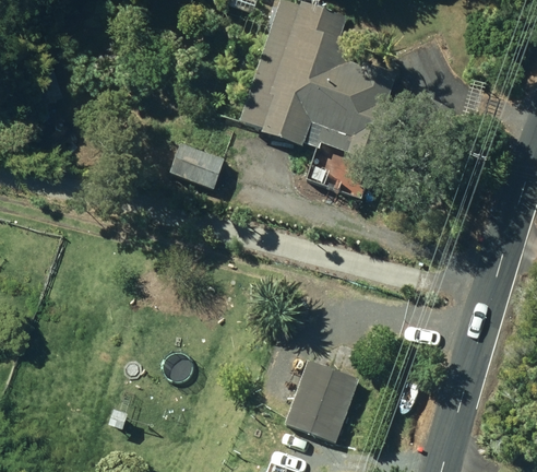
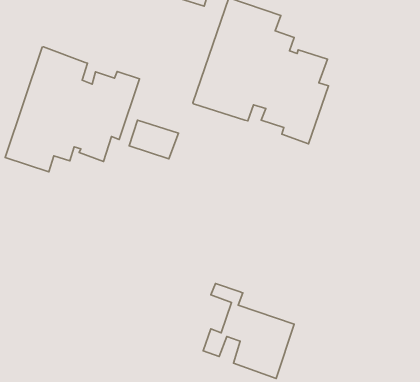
building: none -> [5,47,139,172]

